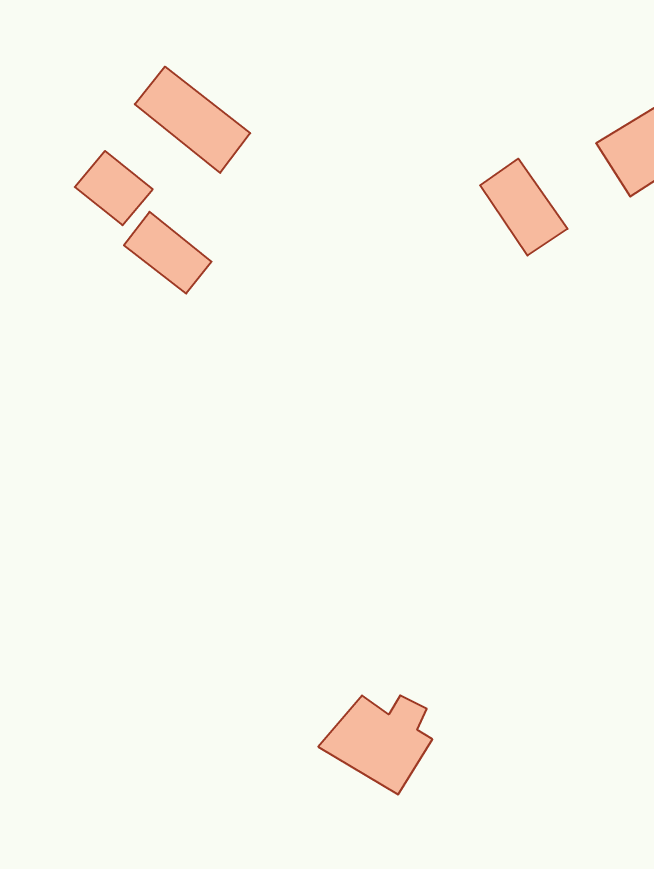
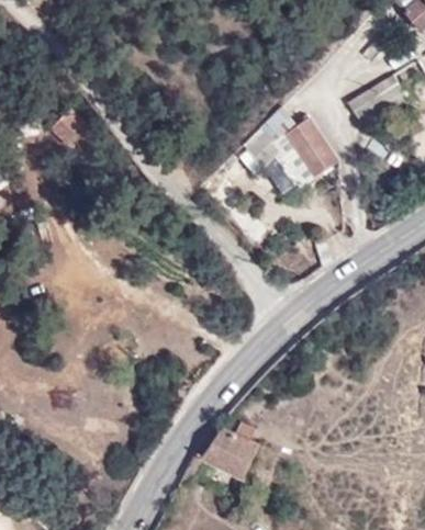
building: [135,67,250,173] -> none
building: [124,212,212,294] -> none

